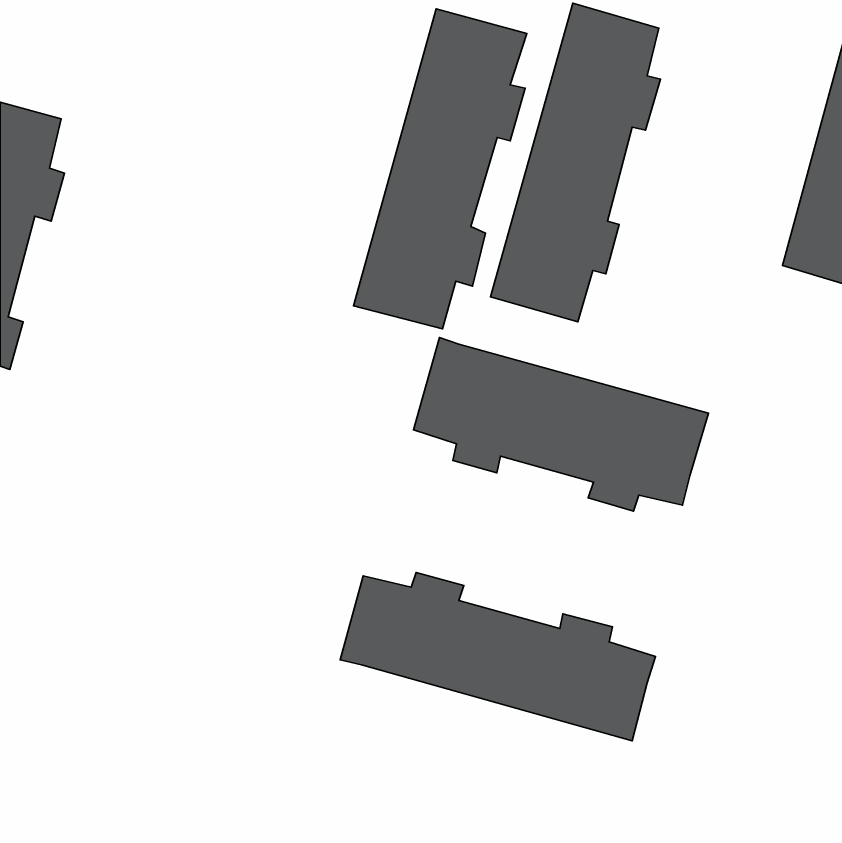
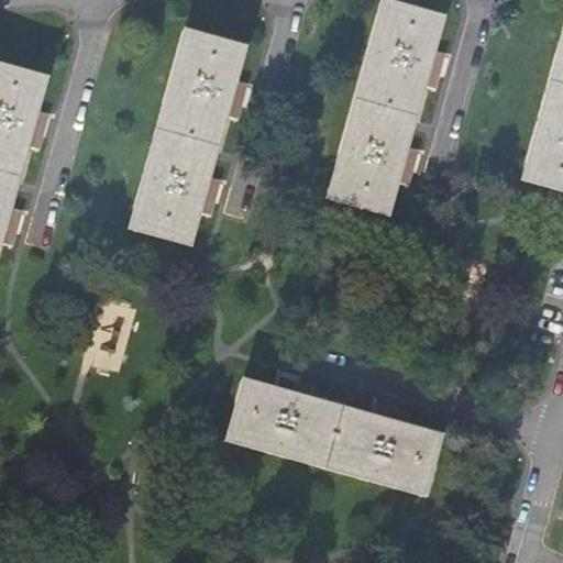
building: [353,9,527,329] -> [129,31,244,244]
building: [413,338,708,511] -> none

